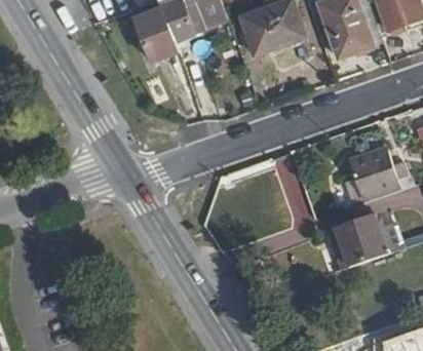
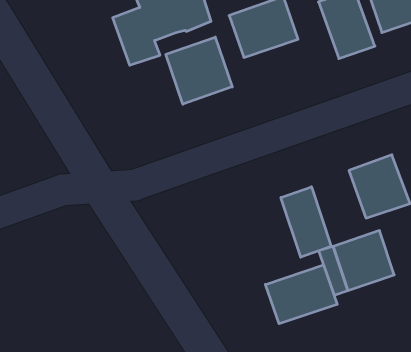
building: none -> [166,37,232,104]
building: none -> [281,187,331,257]
building: none -> [265,265,337,324]

